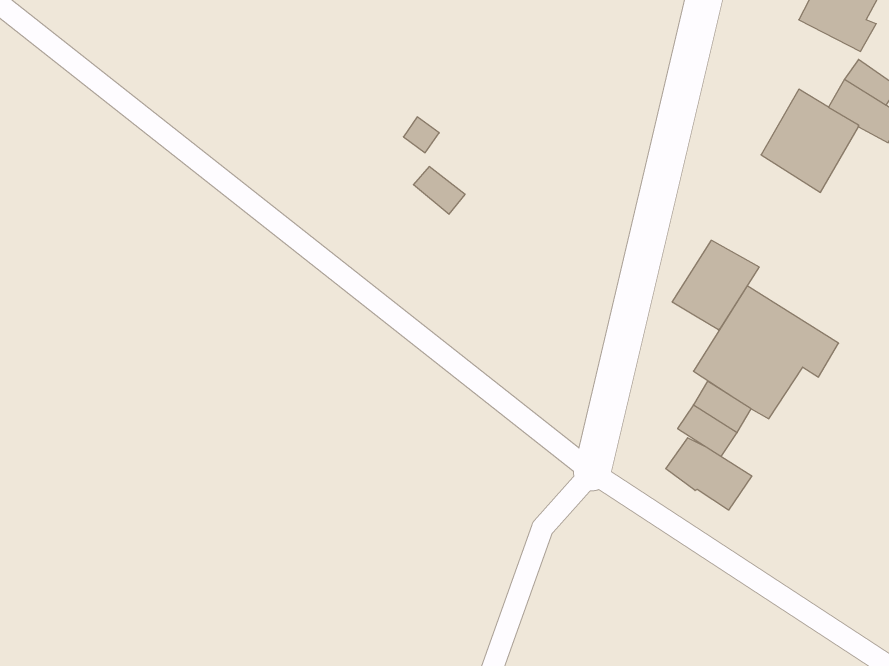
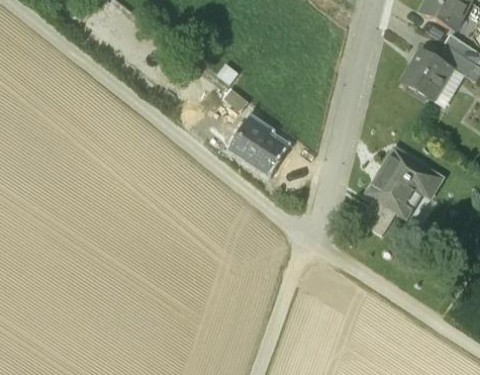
building: none -> [234,118,286,170]
building: [672,240,759,330] -> none
building: [666,438,752,510] -> none

